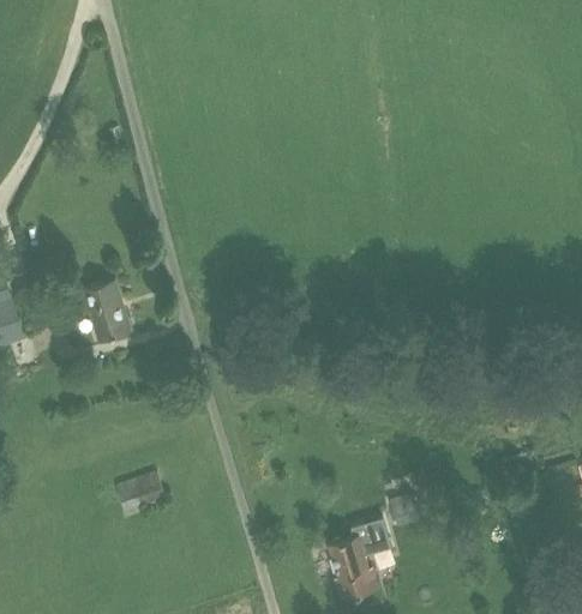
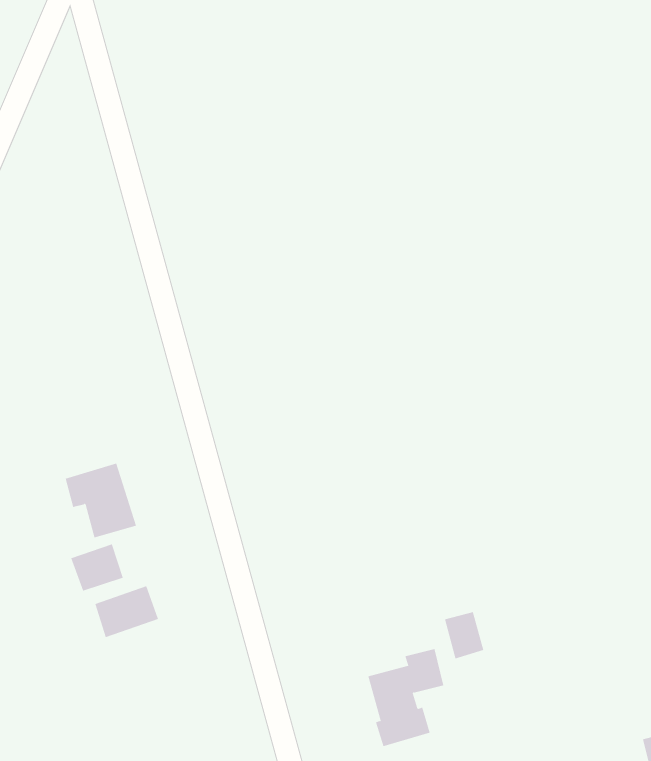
building: [74,279,131,338] -> [65,463,137,538]
building: none -> [71,544,123,592]

